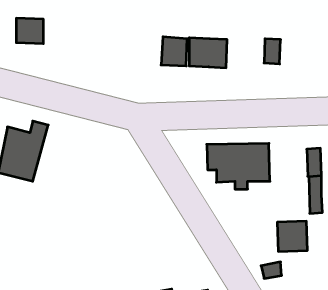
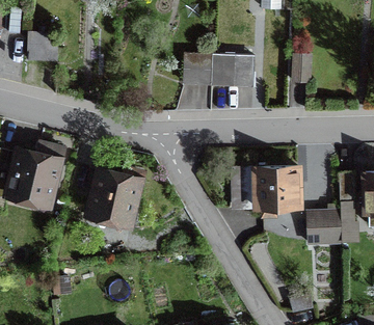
building: none -> [88,169,141,227]
building: [277,221,307,251] -> [308,211,340,243]

